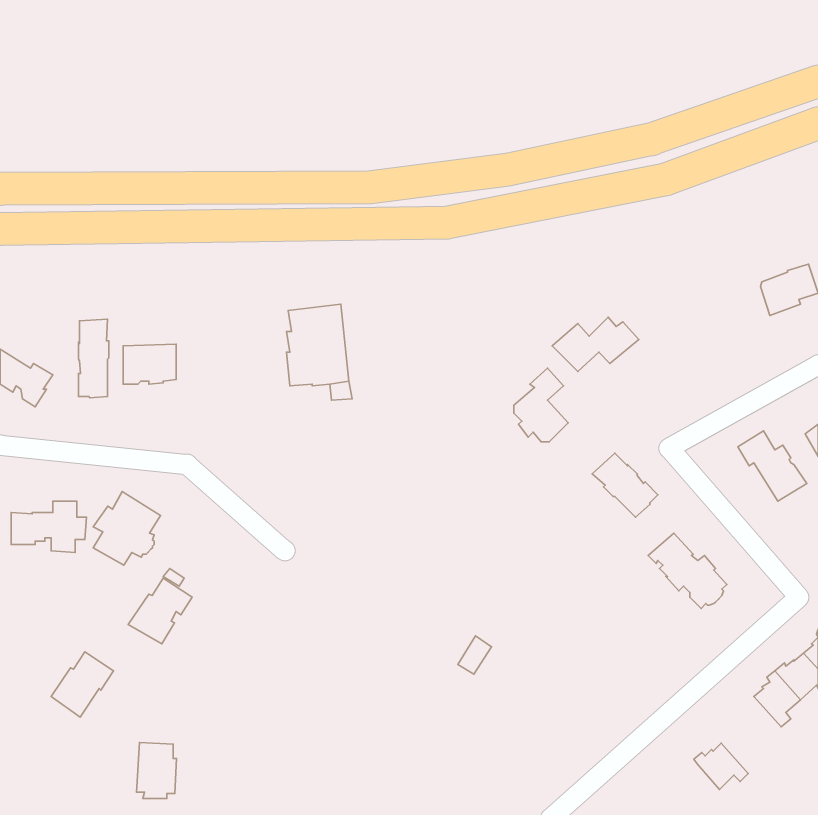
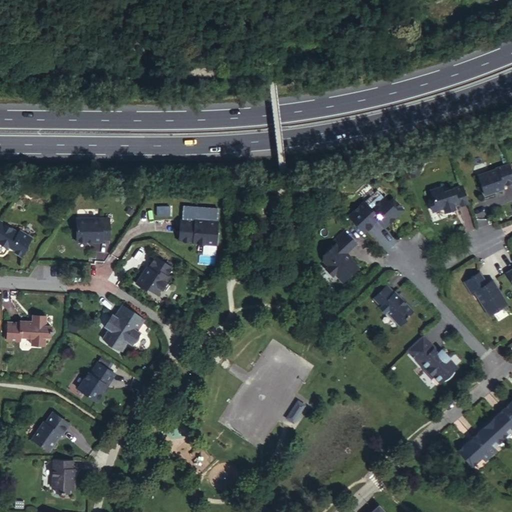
building: none -> [424,189,465,216]
building: [78,319,109,398] -> none
building: none -> [138,255,176,295]
building: [93,492,161,565] -> [106,305,148,351]
building: [136,742,176,798] -> [52,458,77,493]
building: [694,743,748,789] -> [454,437,488,466]

